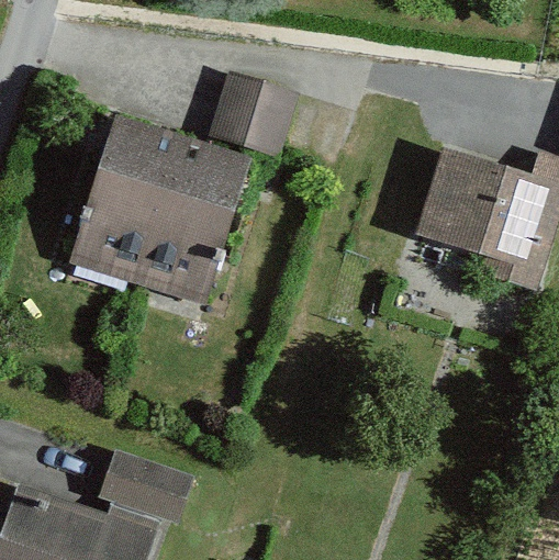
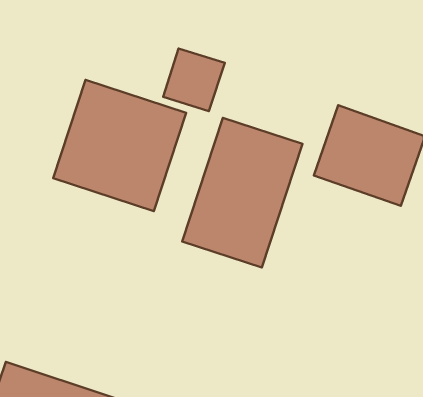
building: none -> [182,118,302,268]
building: [93,449,191,526] -> none

